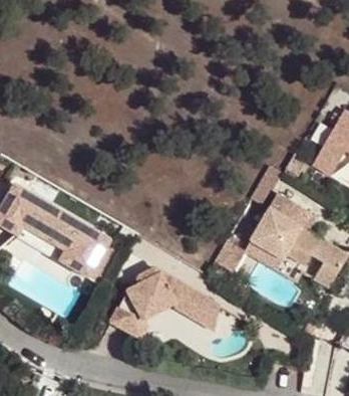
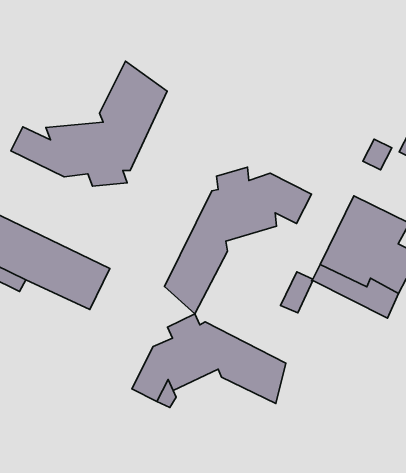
building: none -> [11,61,167,186]
building: none -> [164,167,311,314]

